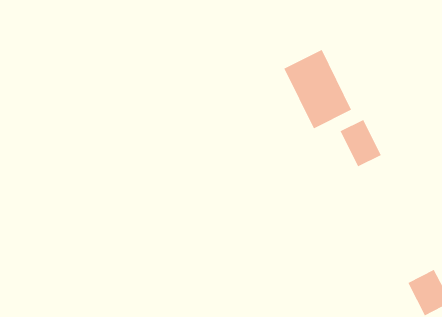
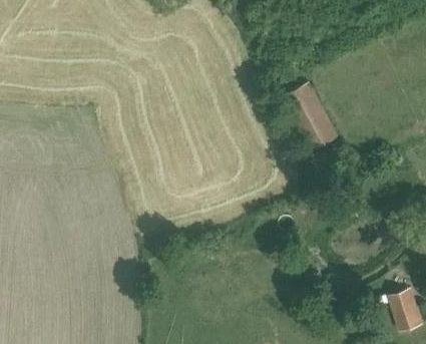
building: [340,119,381,167] -> none

